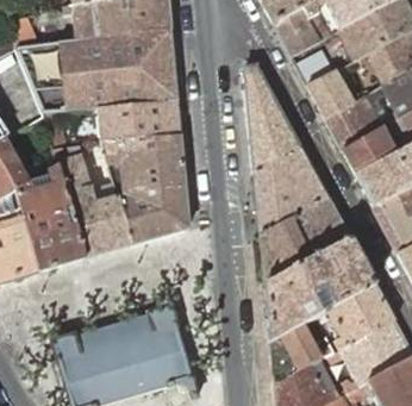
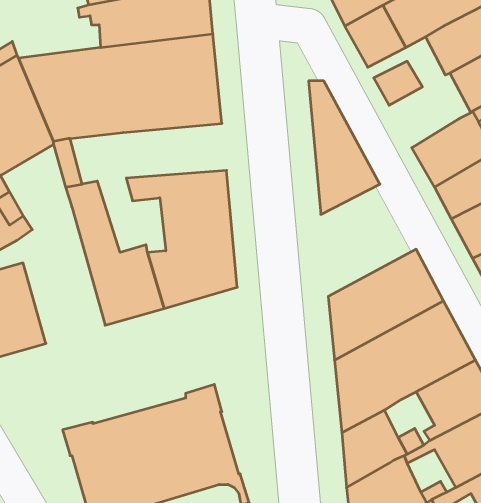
building: [307,64,362,118] -> none
building: [99,99,180,142] -> none
building: [254,146,329,235] -> none
building: [15,164,85,271] -> none

